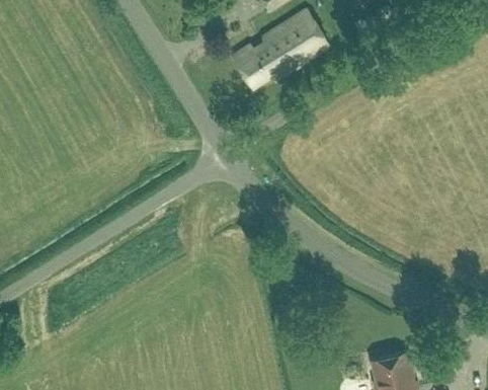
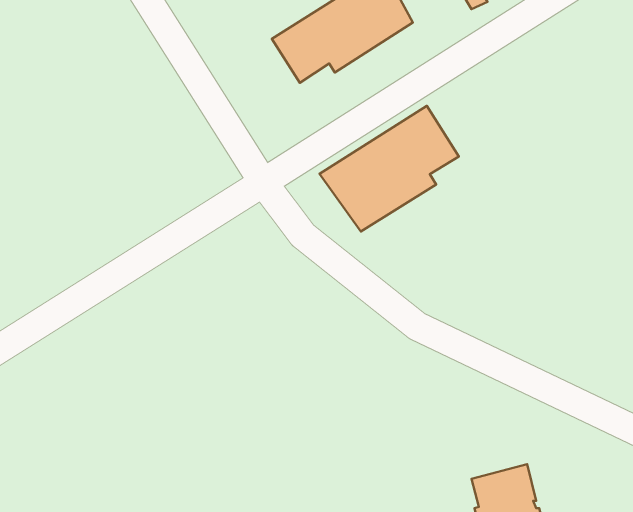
building: none -> [320,106,459,231]

